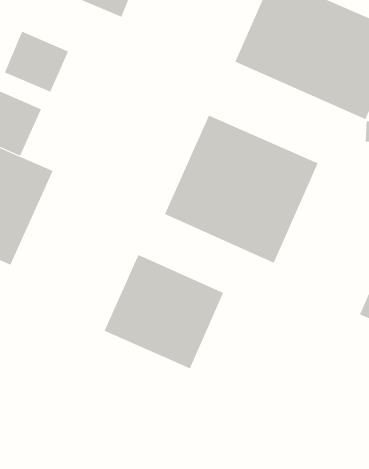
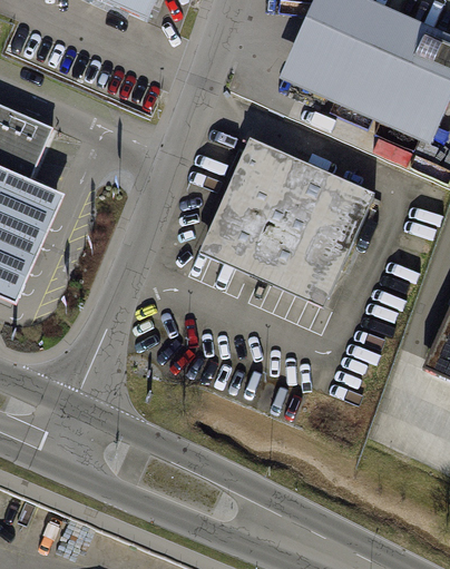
building: [4,31,69,93] -> none
building: [104,254,224,369] -> none

